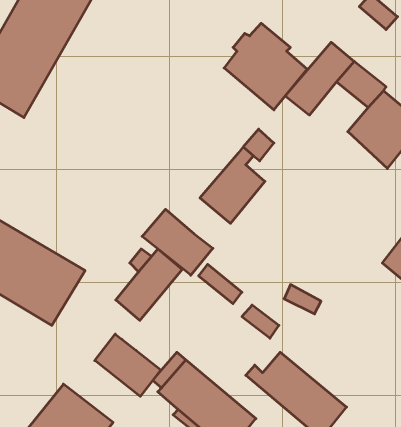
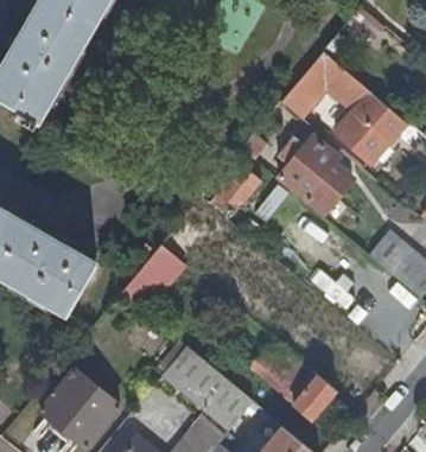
building: [224,23,307,110] -> [278,136,355,217]
building: [142,209,213,275] -> none
building: [95,334,161,396] -> none

